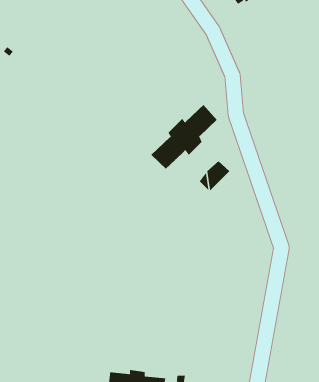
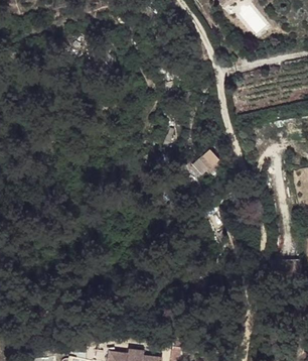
building: [150,104,218,170] -> none

